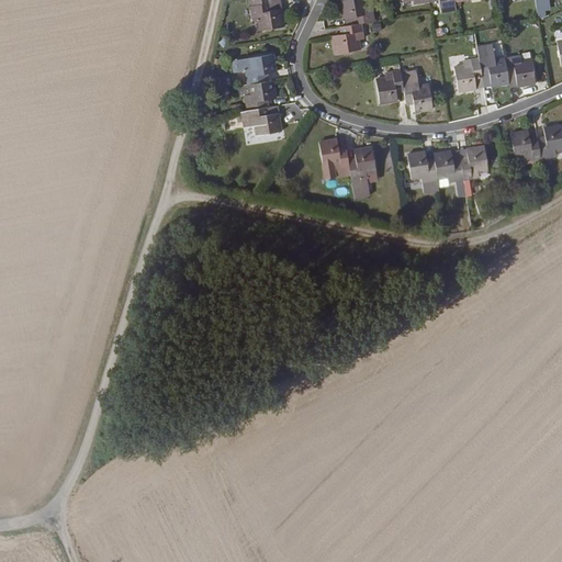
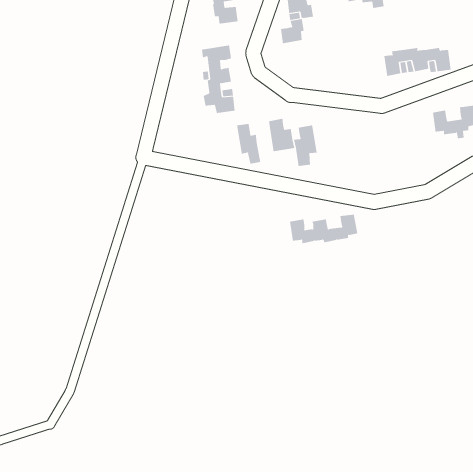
building: [376,69,432,111] -> none
building: none -> [237,123,261,165]
building: [408,146,490,181] -> [289,214,358,244]

